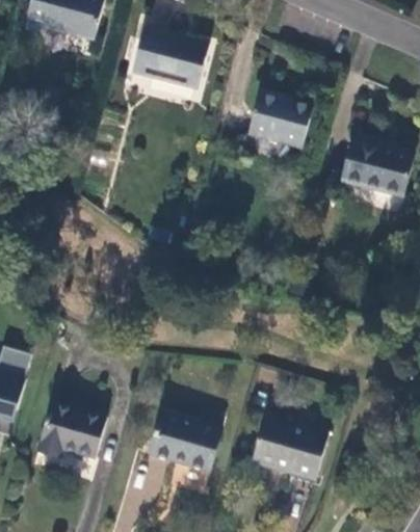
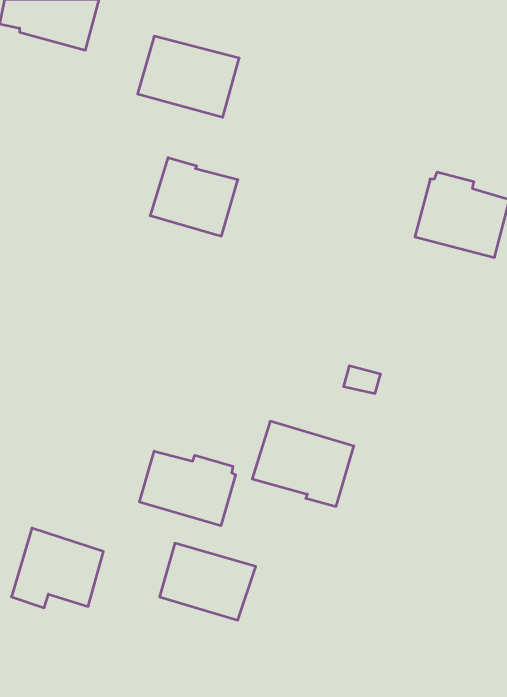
building: [245,92,312,152] -> [150,158,238,236]
building: none -> [140,451,236,526]
building: [251,418,327,482] -> [252,421,354,506]

